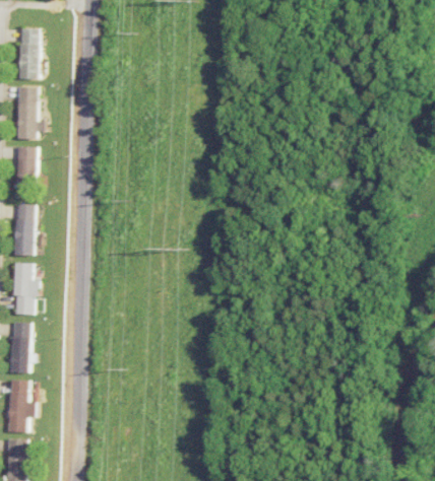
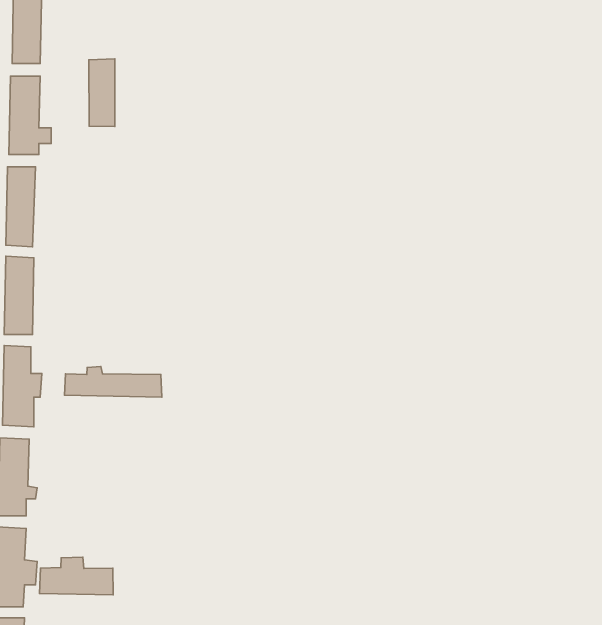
building: none -> [89,59,115,127]
building: none -> [64,367,162,397]
building: none -> [39,557,113,595]

